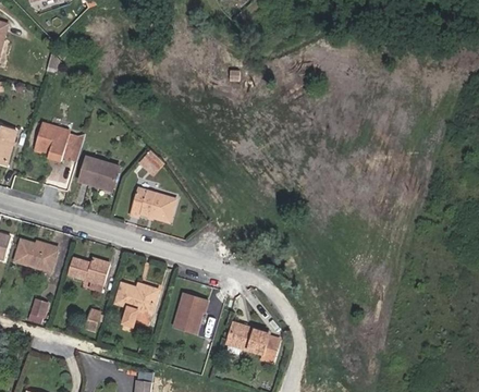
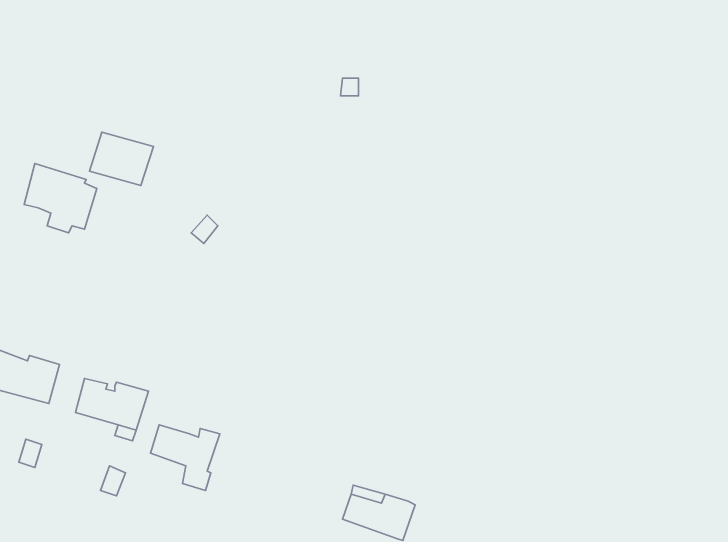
building: [78,158,118,191] -> [89,132,153,185]
building: [131,189,175,222] -> none
building: [171,293,208,333] -> none

